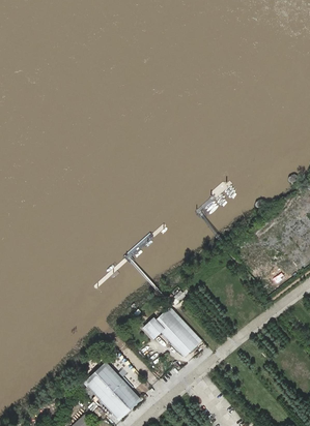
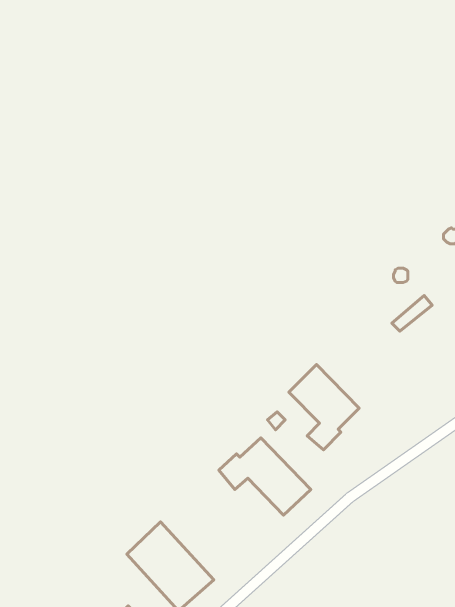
building: none -> [289,364,359,450]

